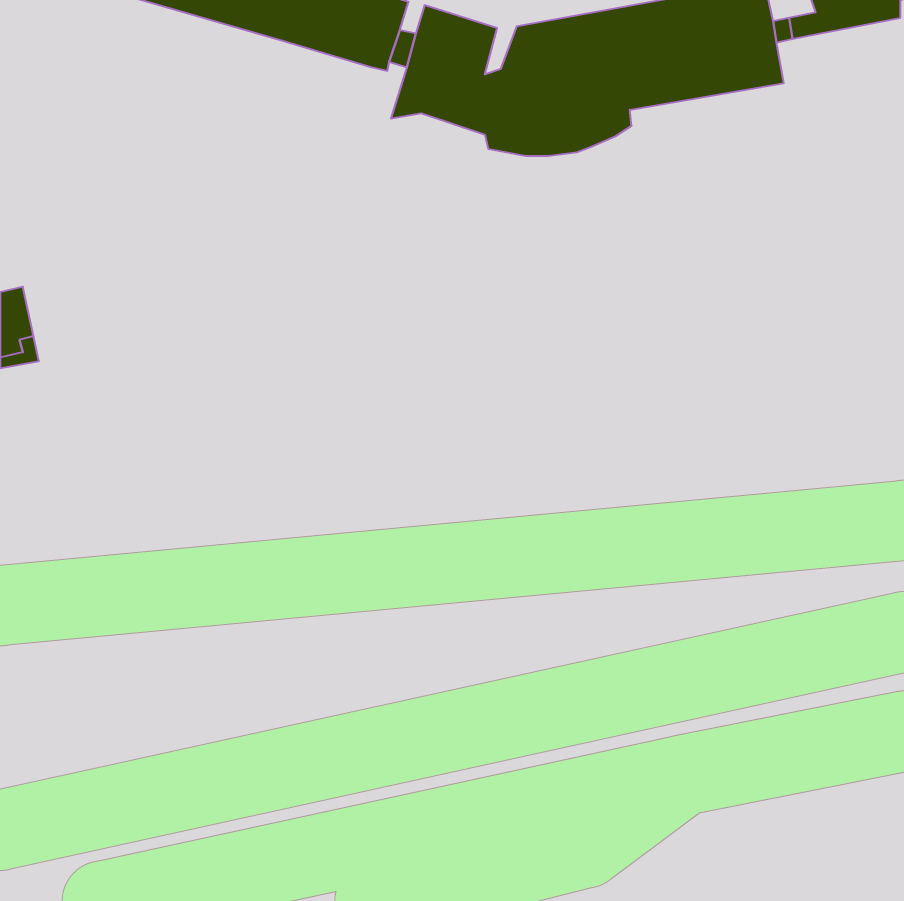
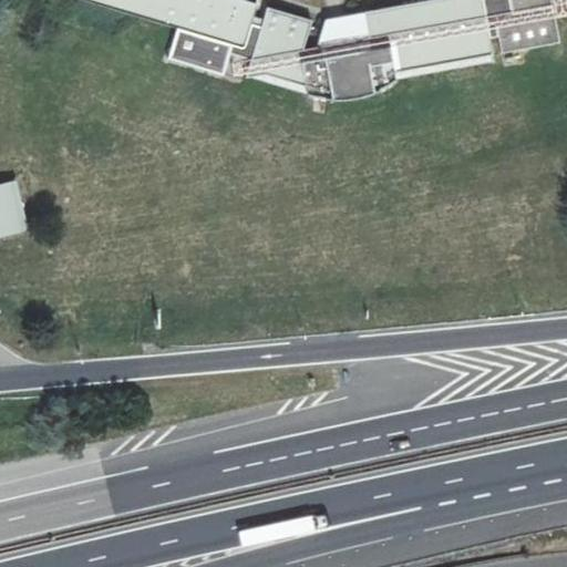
building: none -> [496,17,558,51]
building: none -> [167,25,233,74]

